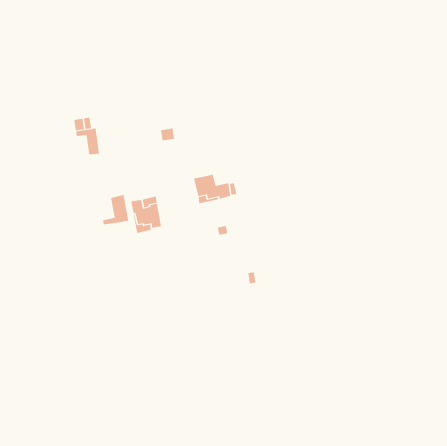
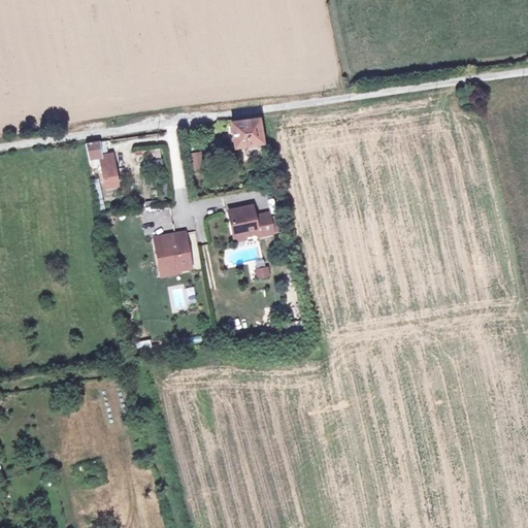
building: none -> [230,117,263,146]
building: [103,194,129,225] -> none

